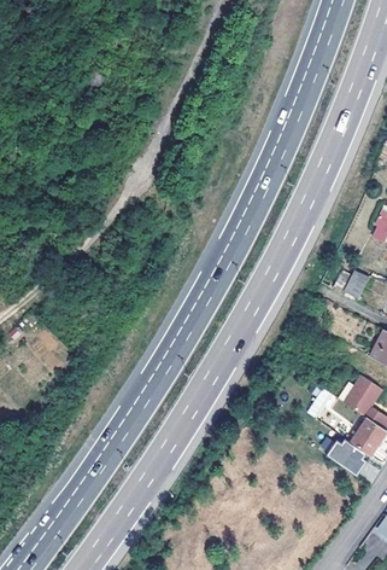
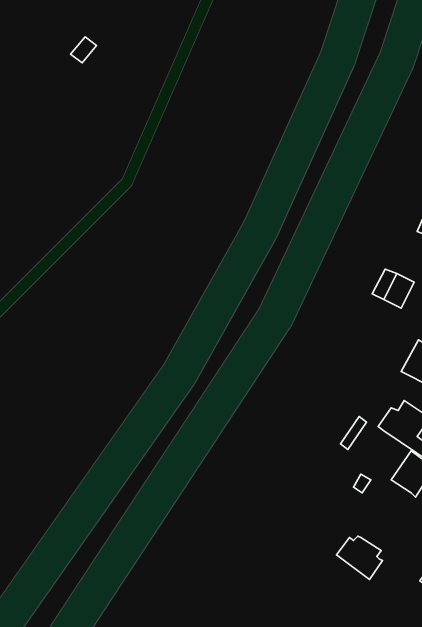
building: [332,441,370,477] -> [336,536,383,579]

